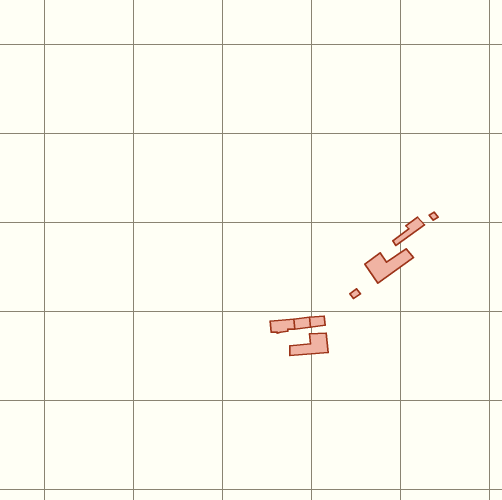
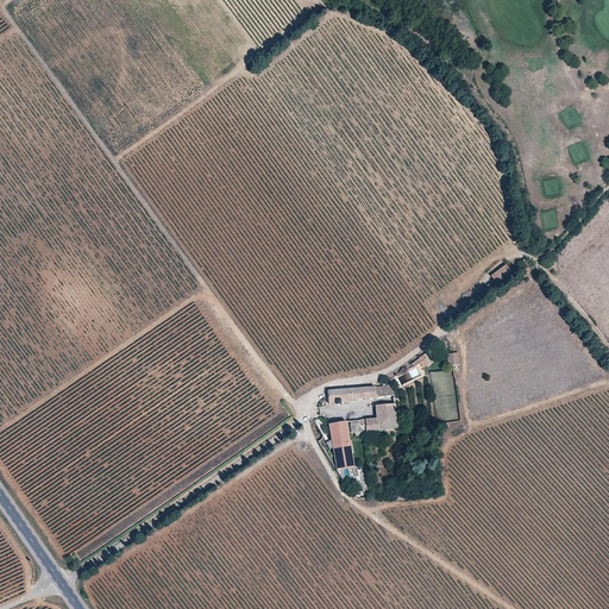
building: [365,249,413,283] -> none
building: none -> [328,420,354,467]

